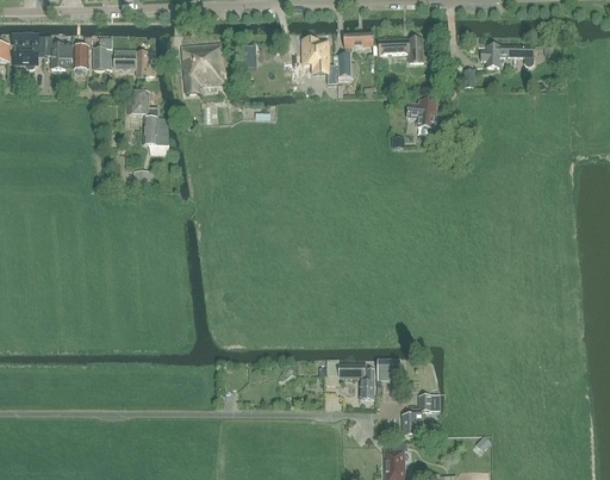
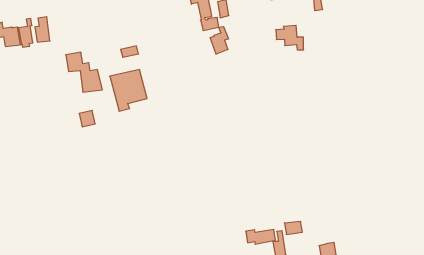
building: [181,42,225,92] -> [110,70,147,111]
building: [114,48,155,74] -> none
building: none -> [210,27,229,54]

